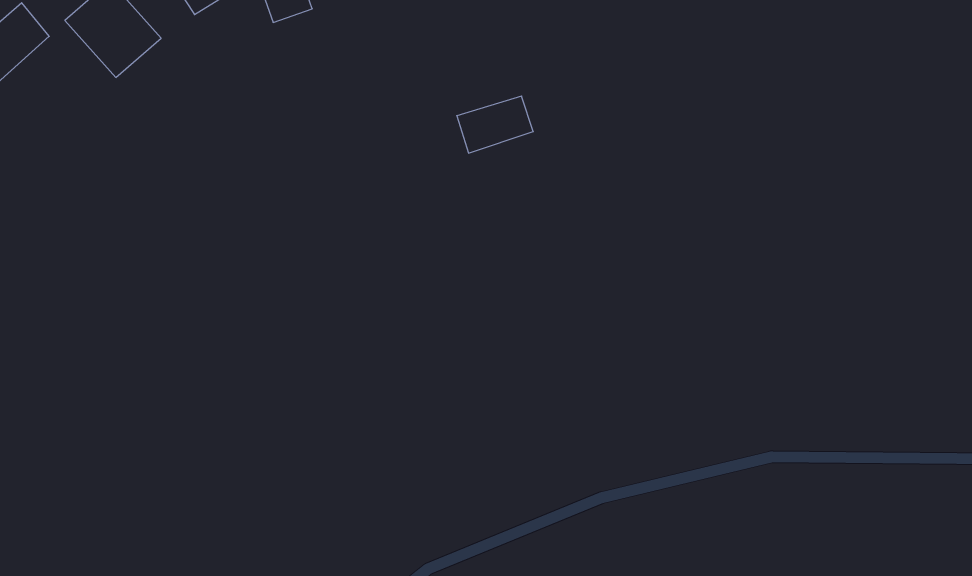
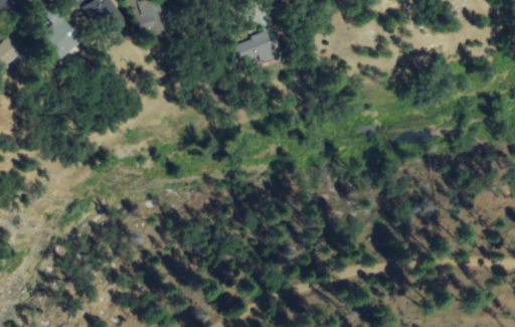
building: [457,96,533,153] -> [234,32,274,61]

